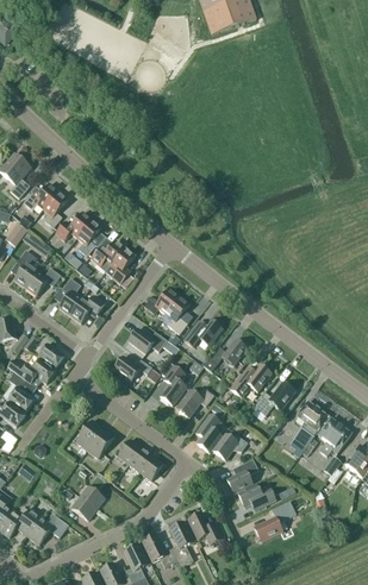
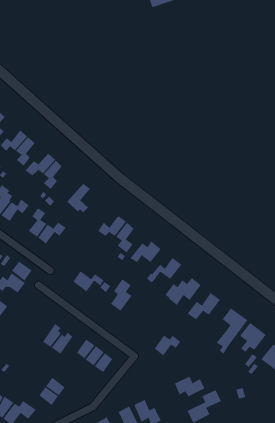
building: [89,240,125,272] -> none
building: [127,328,166,353] -> none
building: [175,386,213,417] -> none
building: [194,414,220,453] -> none
building: [225,459,257,493] -> none

